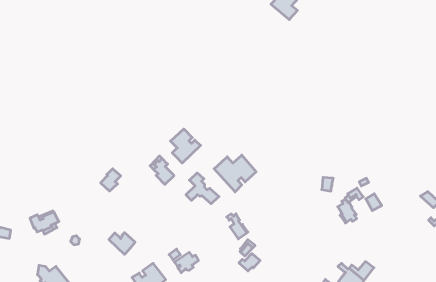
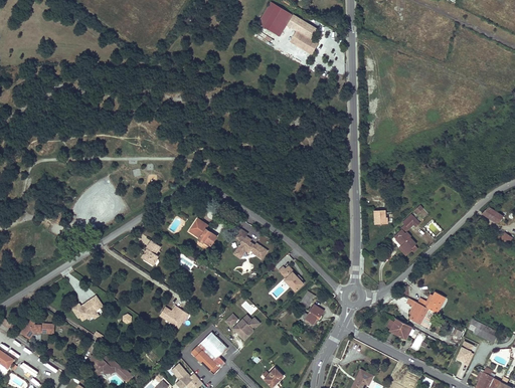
building: [170,129,201,163] -> none
building: [214,155,256,192] -> none

